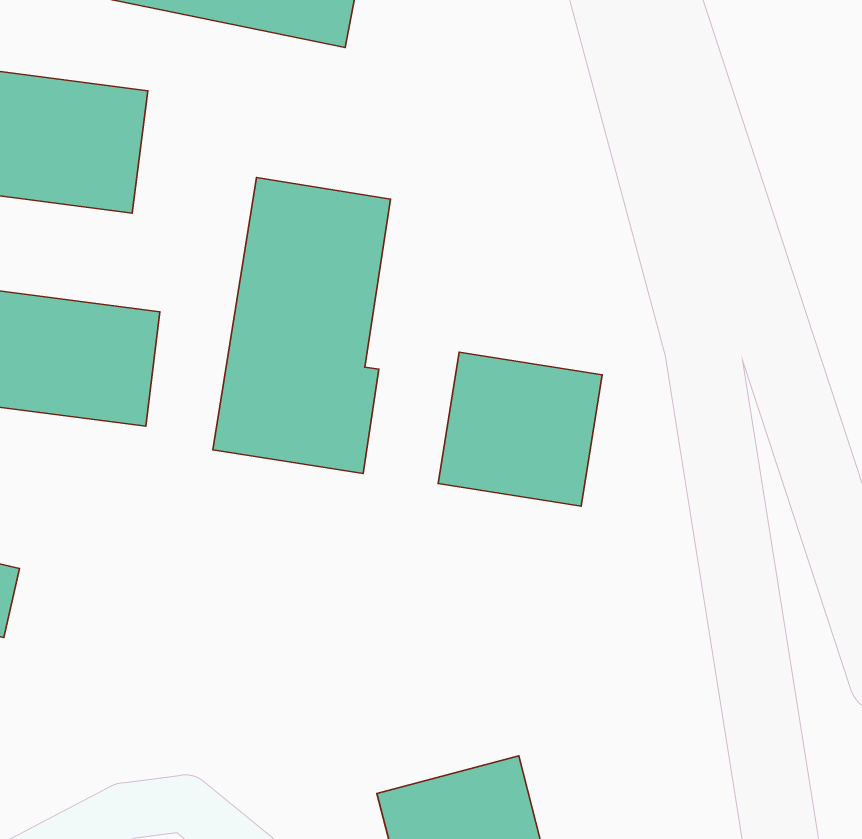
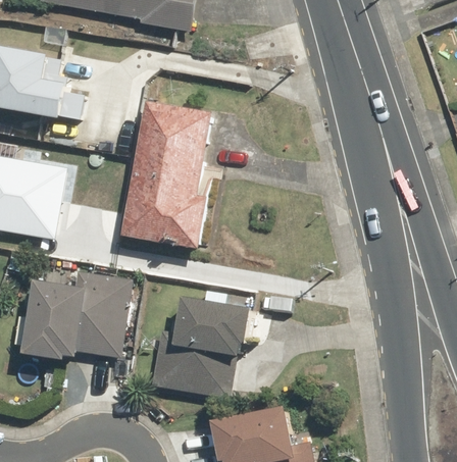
building: [438,352,602,506] -> none
building: none -> [21,270,128,362]
building: none -> [150,299,247,397]

